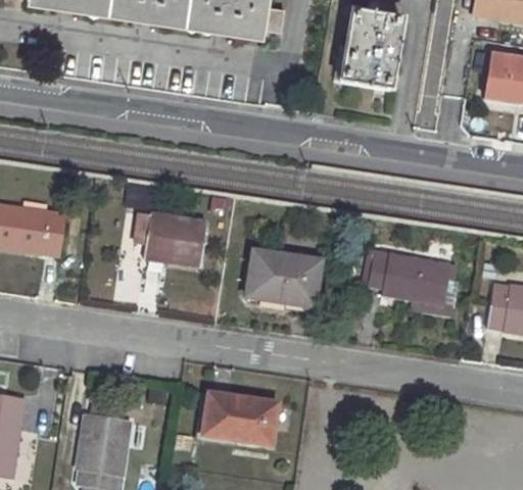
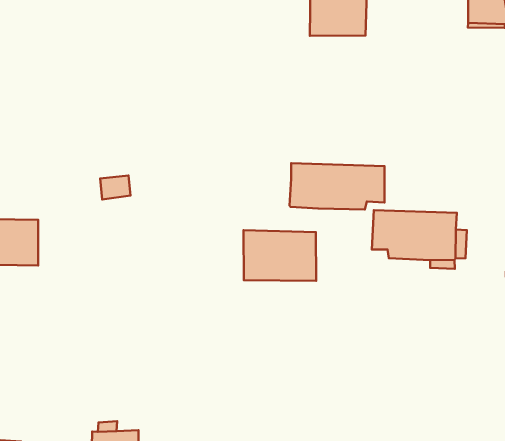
building: none -> [290,163,385,209]
building: [143,213,204,268] -> none
building: [203,394,275,445] -> none

